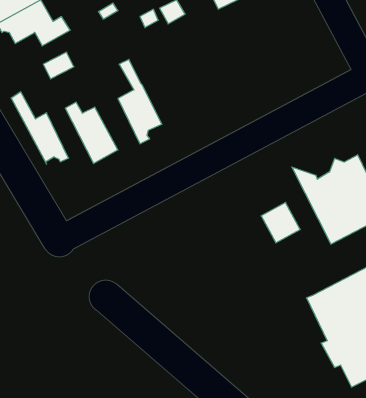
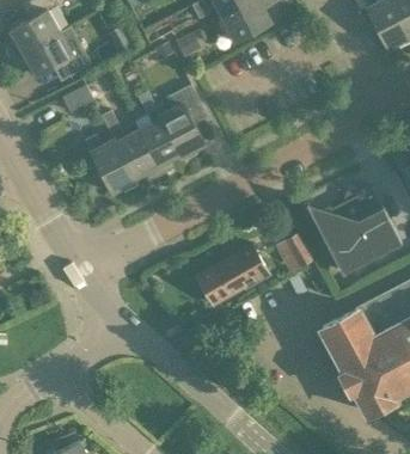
building: none -> [159,86,206,157]
building: [11,92,69,164] -> [102,110,158,180]
building: none -> [198,244,271,303]

